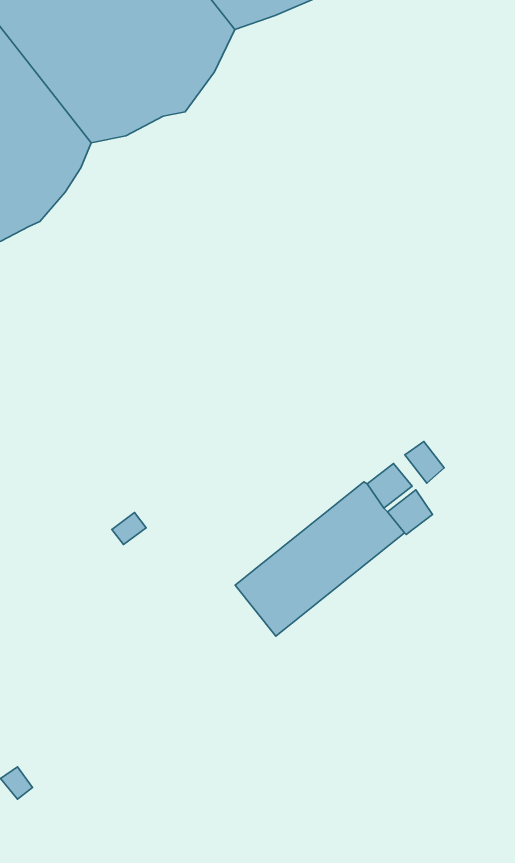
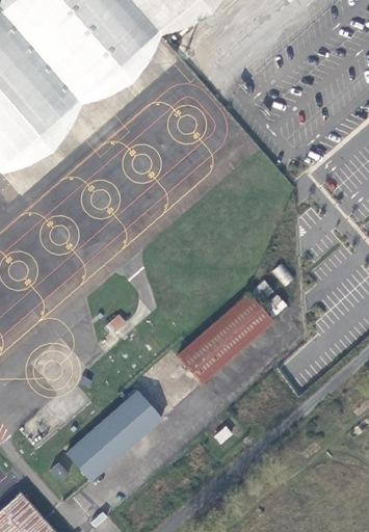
building: none -> [65,391,160,481]

